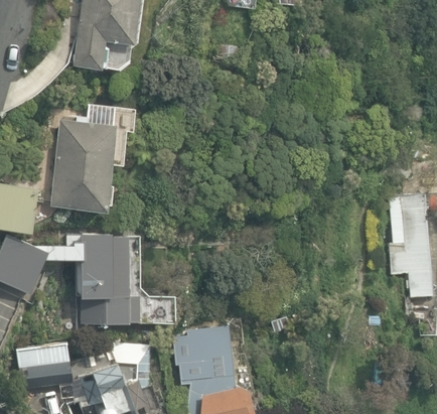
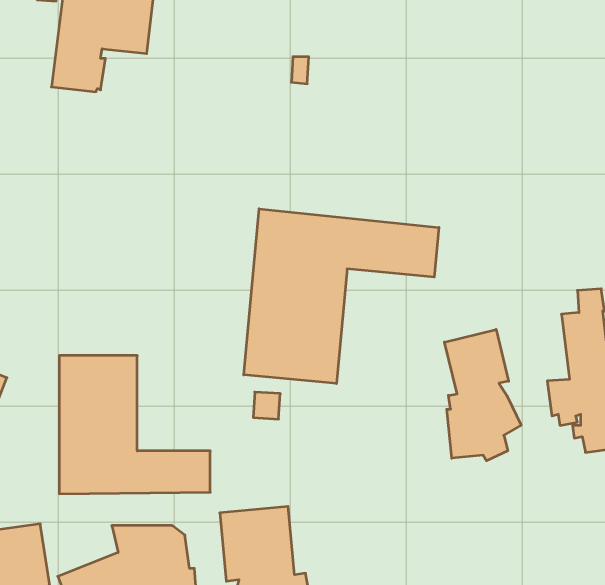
building: [51,106,137,212] -> none
building: none -> [244,209,439,384]
building: none -> [444,329,521,461]

